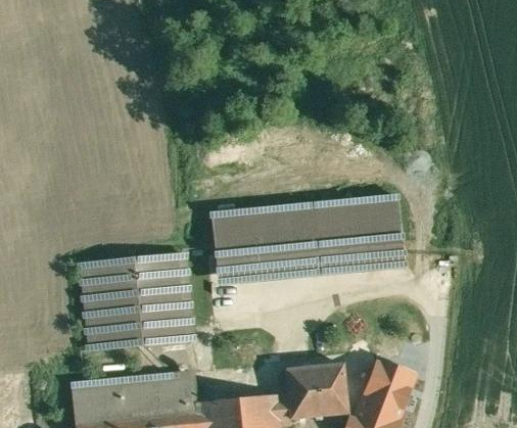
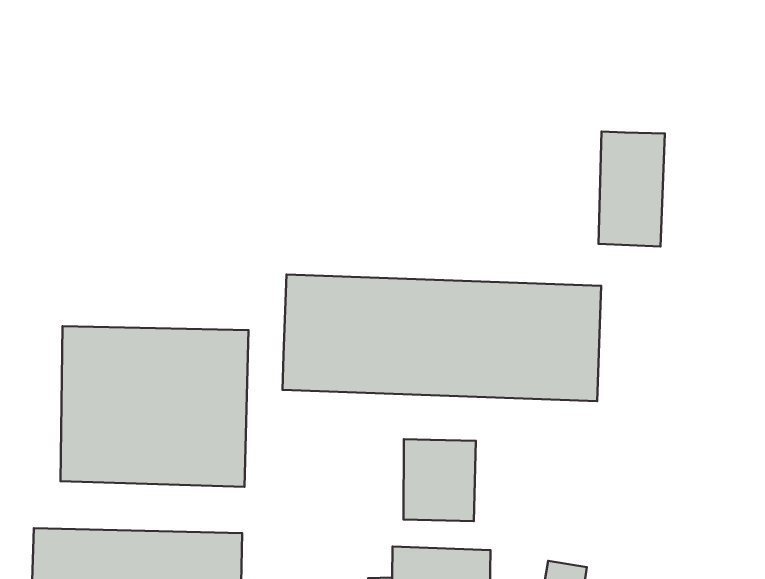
building: none -> [598,131,665,246]
building: none -> [403,439,476,521]

